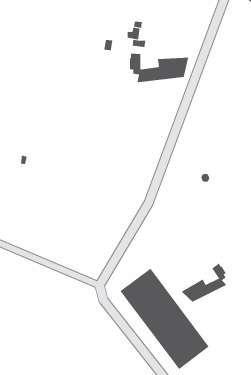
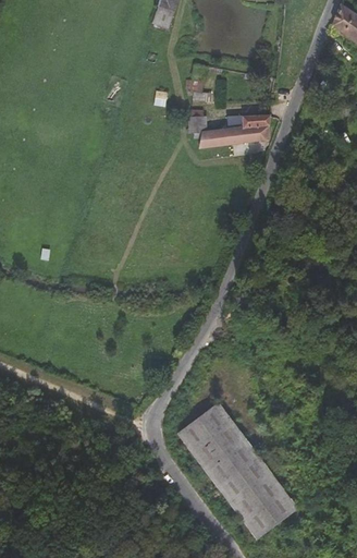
building: [181,263,227,303] -> none

